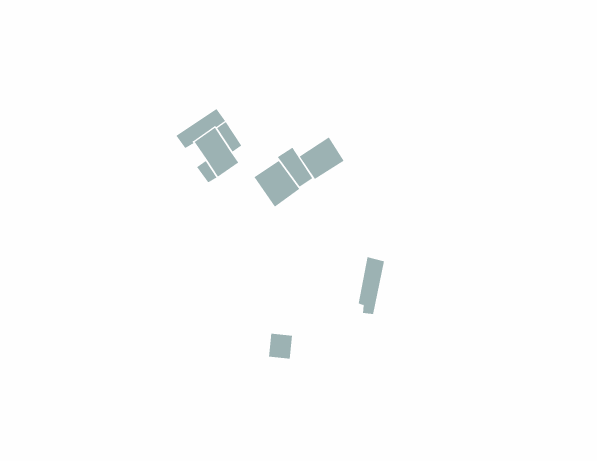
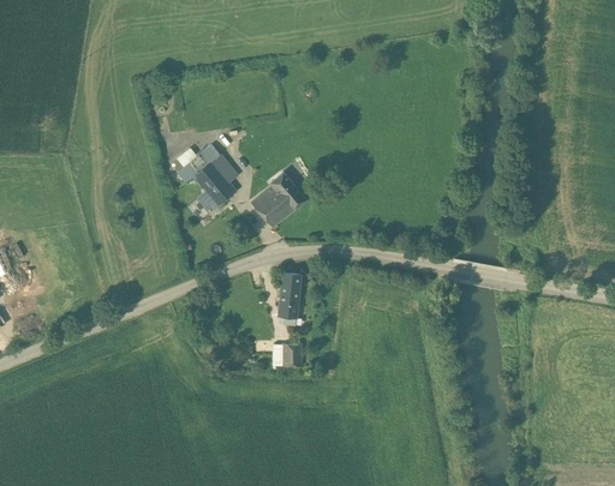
building: [299,136,345,180] -> none
building: [358,257,385,315] -> [279,271,299,323]

